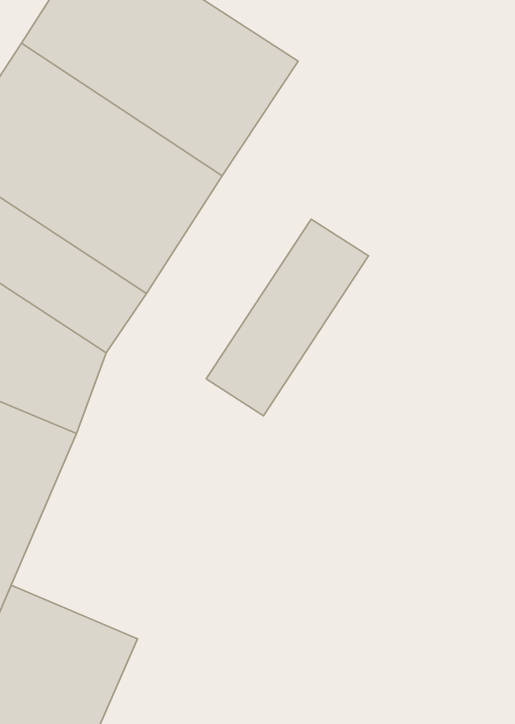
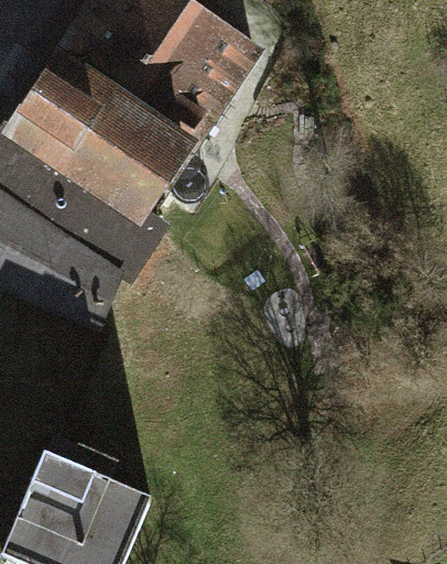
building: [206,219,369,416] -> none

